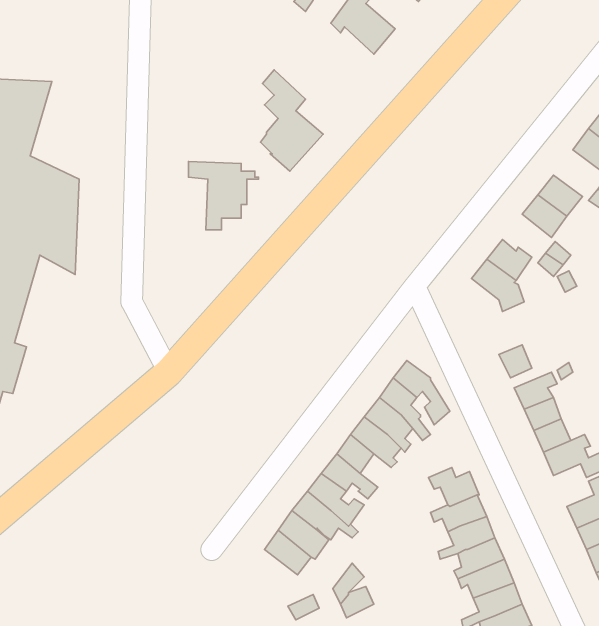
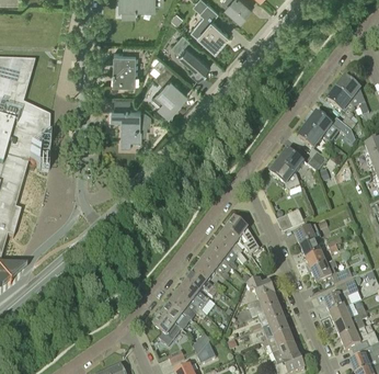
building: none -> [179,42,210,80]
building: none -> [113,46,142,84]

